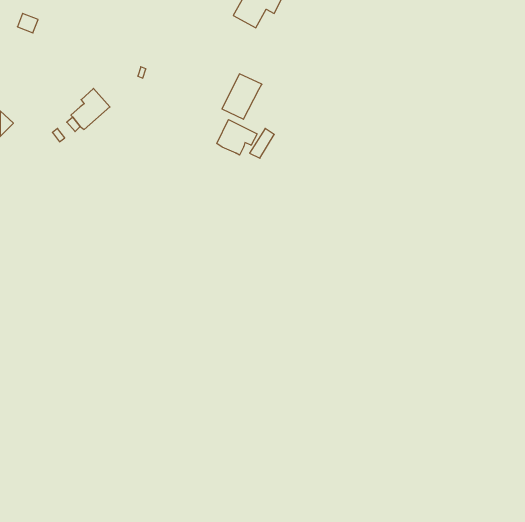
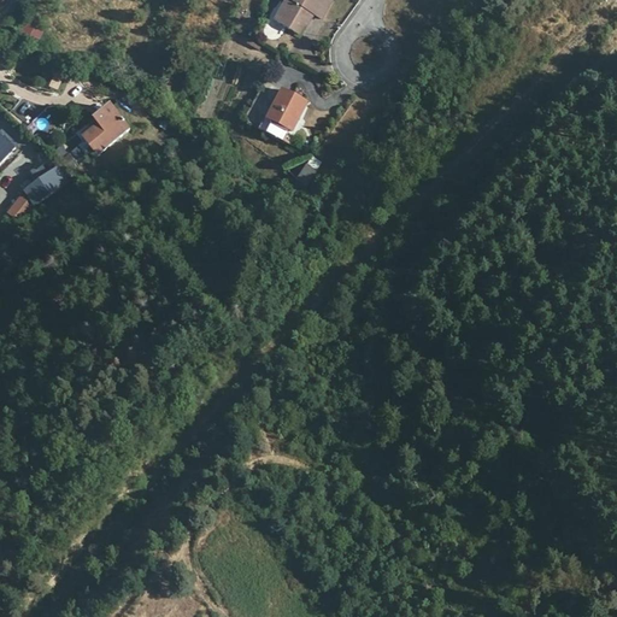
building: [217,120,257,155] -> none
building: none -> [7,163,69,217]

